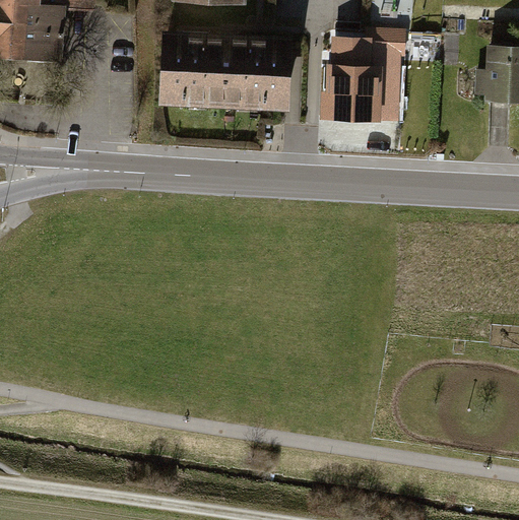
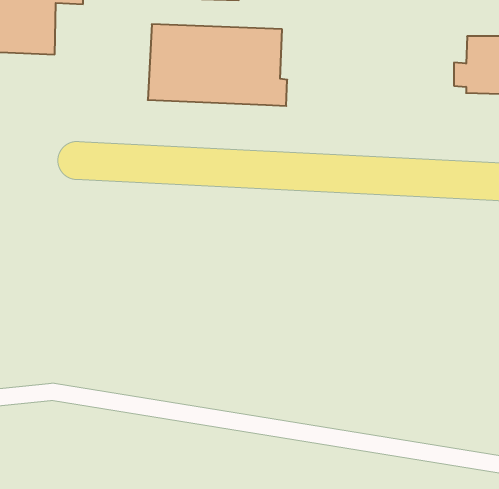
building: [328,23,410,122] -> none

